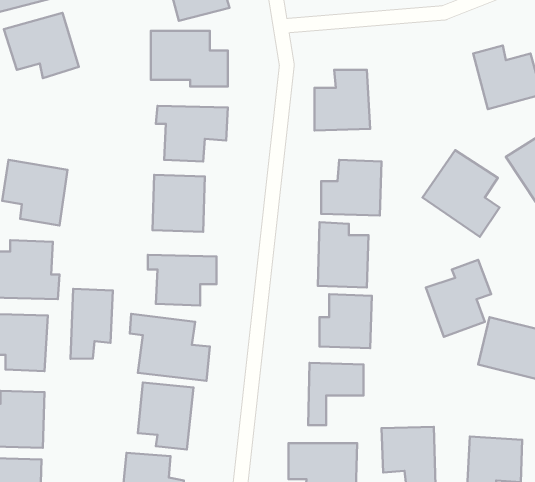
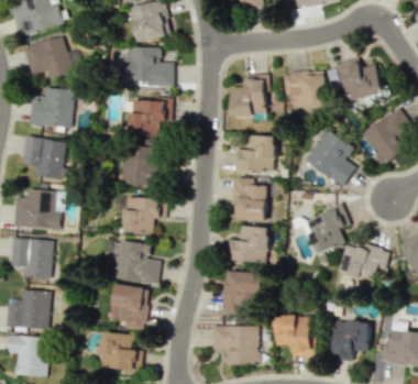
building: none -> [283,70,329,107]
building: none -> [29,88,73,128]
building: [71,289,113,359] -> none

